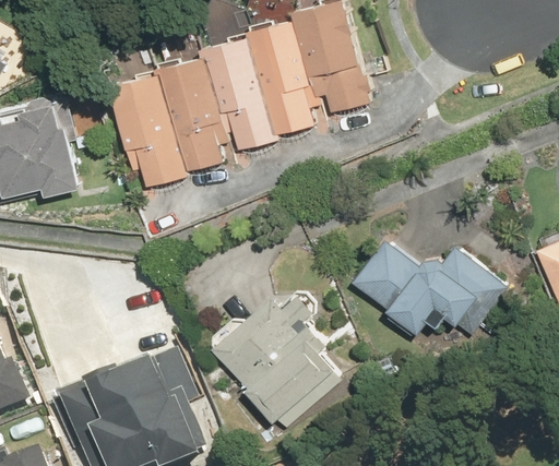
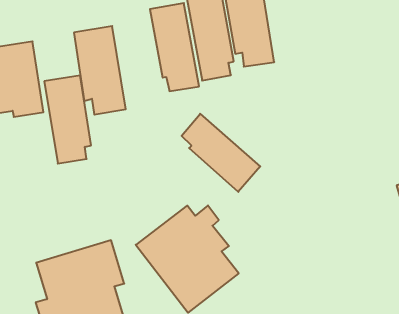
building: [159,57,225,170] -> [44,75,91,164]
building: none -> [182,114,260,192]
building: [350,235,508,332] -> none

